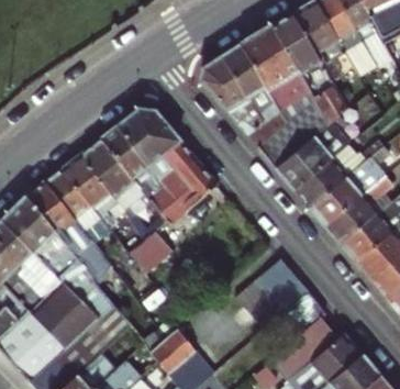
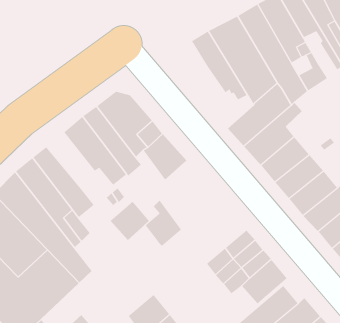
building: [201,53,288,148] -> none
building: [62,153,118,214] -> none
building: [151,173,191,224] -> [145,199,182,247]

